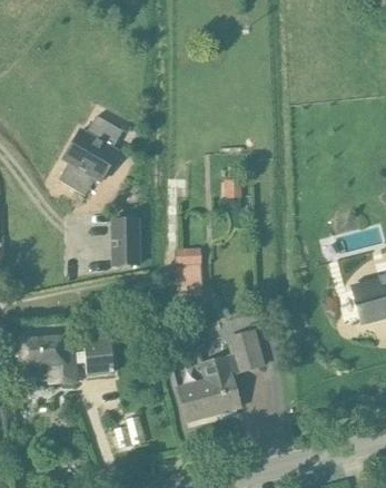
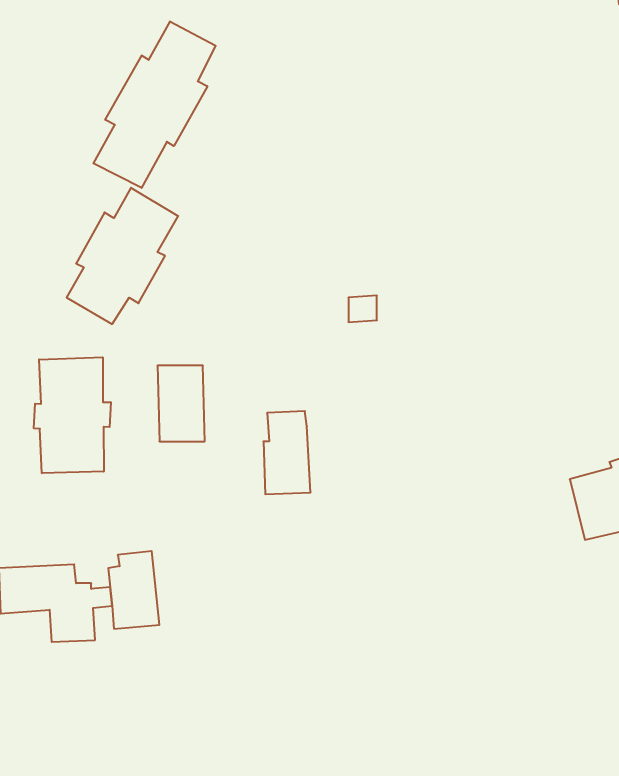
building: none -> [93,21,216,188]
building: none -> [34,357,111,473]
building: [178,329,265,421] -> none

